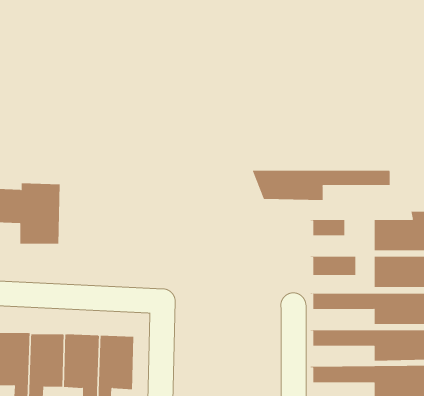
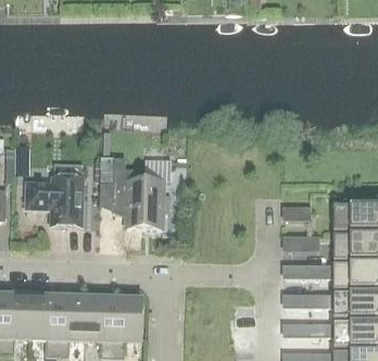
building: none -> [99,155,163,227]
building: [252,170,393,201] -> none

